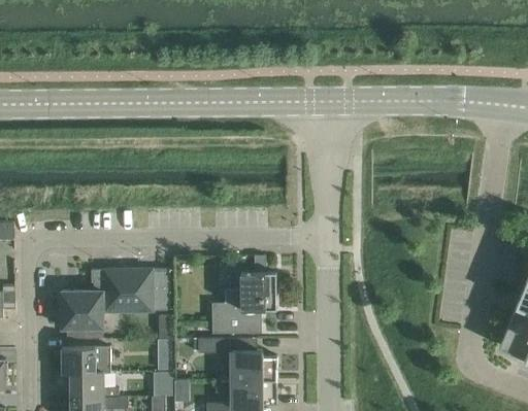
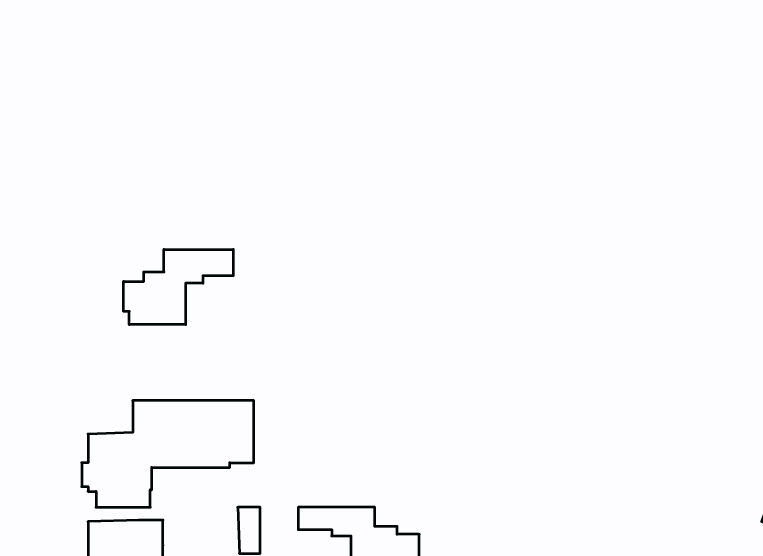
building: none -> [124,249,233,325]
building: [210,255,275,334] -> none

